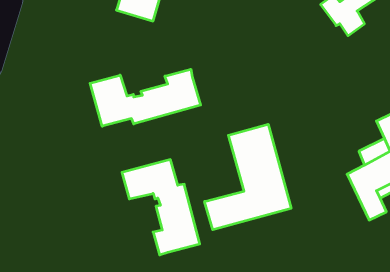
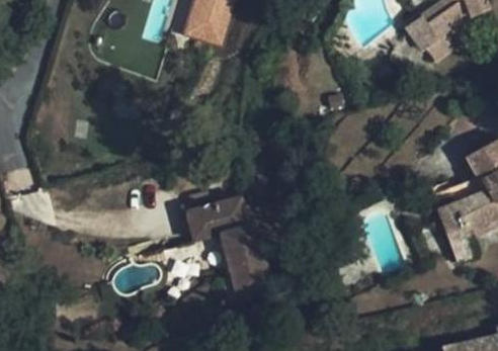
building: [90,69,201,126] -> none
building: [205,124,291,230] -> none

